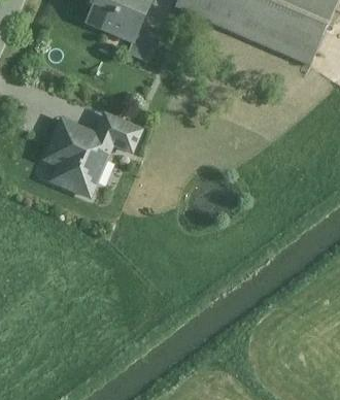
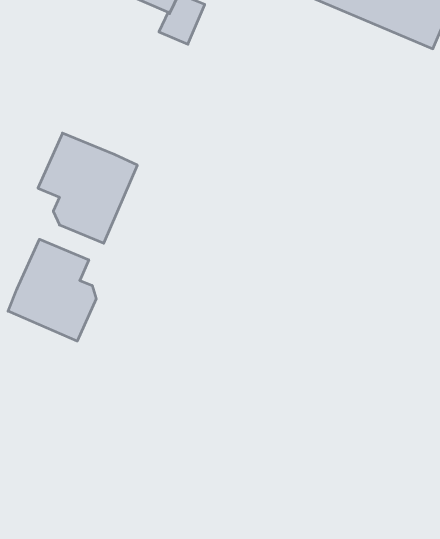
building: [96,115,139,151] -> none
building: none -> [8,239,96,341]

